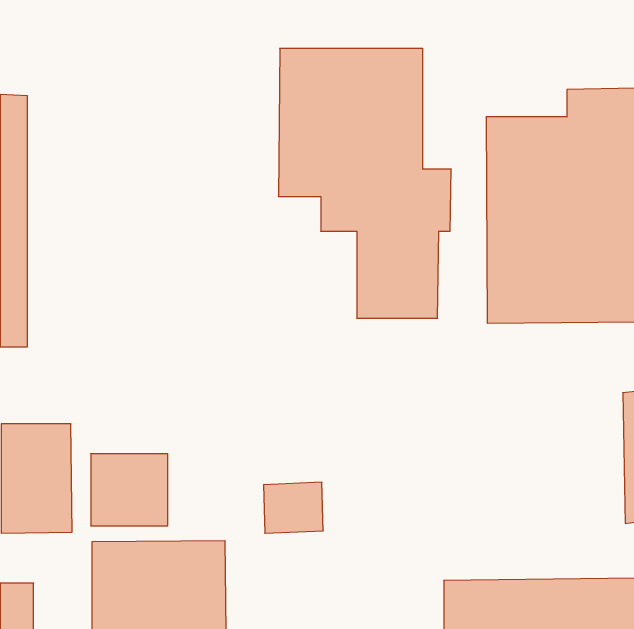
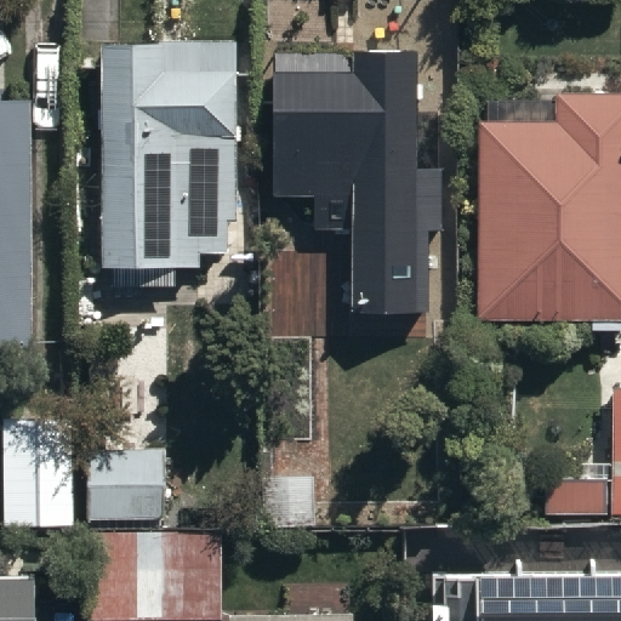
building: none -> [101,45,237,269]

